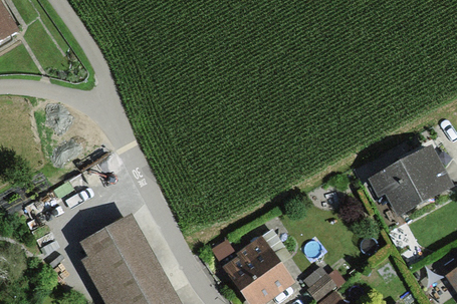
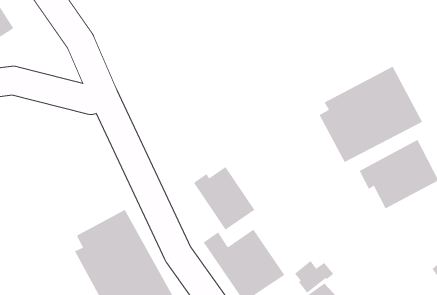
building: none -> [319,66,423,163]
building: none -> [193,166,255,230]

